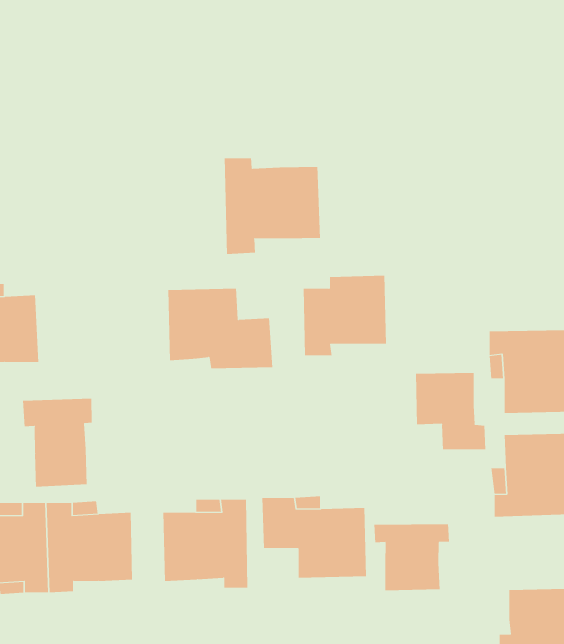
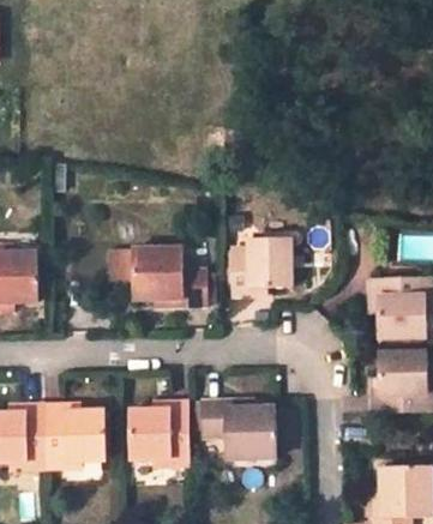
building: [224,158,320,255] -> none
building: [416,372,486,450] -> none
building: [22,398,92,488] -> none
building: [374,523,449,591] -> none

